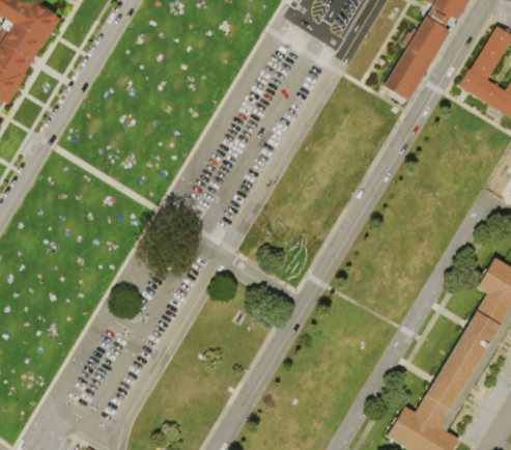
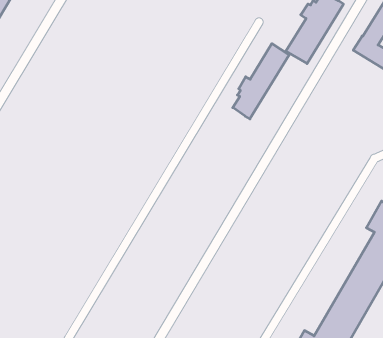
building: none -> [233,44,289,119]

